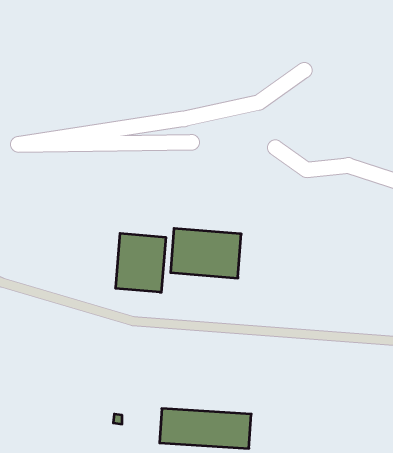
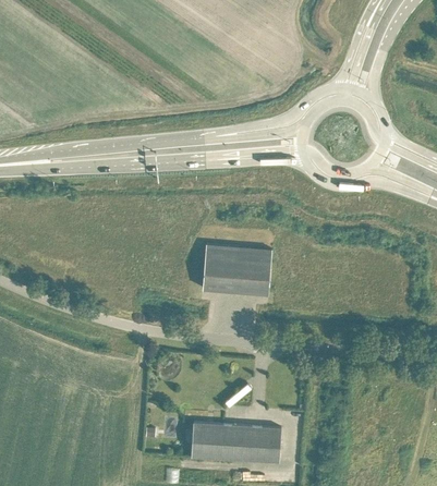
building: [116,233,166,292] -> none

